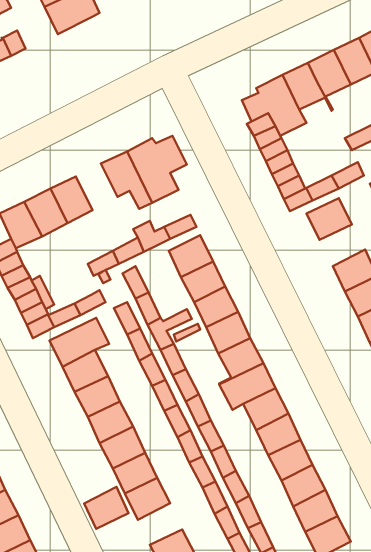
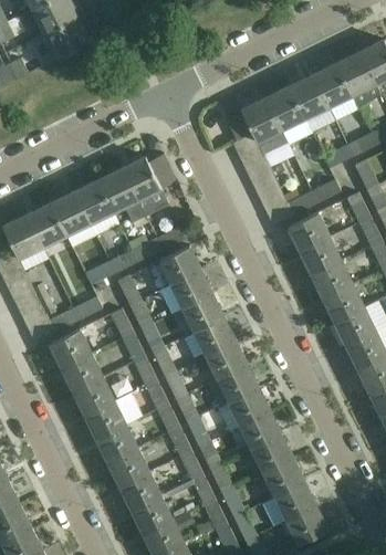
building: none -> [74,180,113,223]
building: none -> [300,237,342,275]
building: [84,487,128,529] -> [132,494,173,533]

